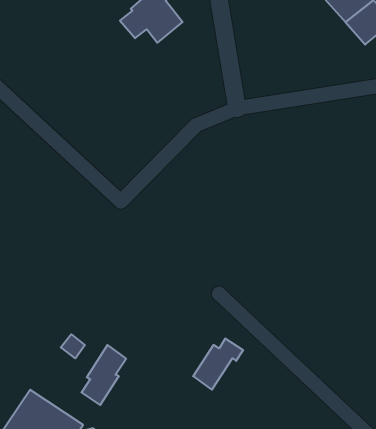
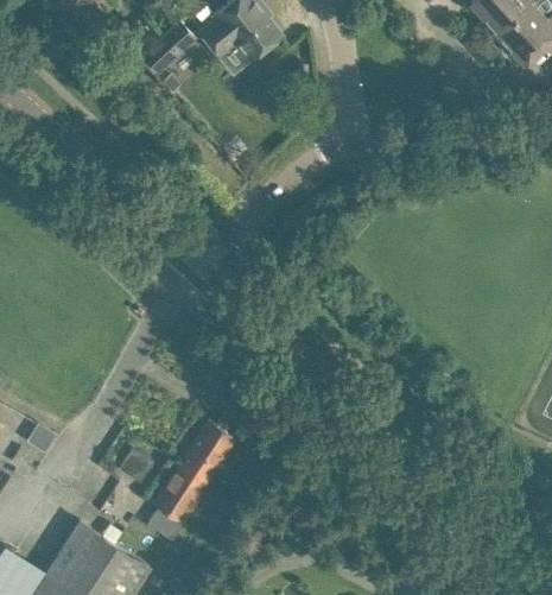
building: none -> [142,21,198,75]
building: [193,339,243,390] -> [183,413,249,481]

